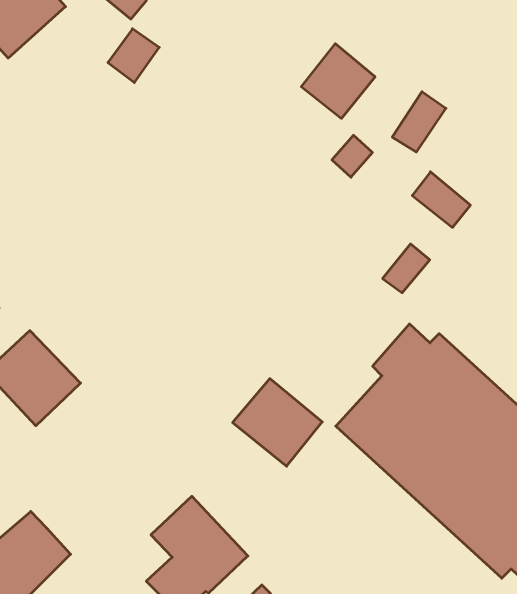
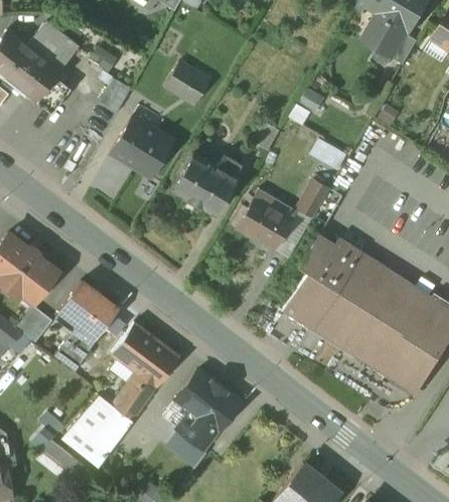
building: [301,44,375,118] -> [167,58,213,106]
building: none -> [113,118,173,178]
building: none -> [169,154,238,219]
building: [233,379,322,466] -> [235,200,292,255]
building: none -> [110,325,177,420]

